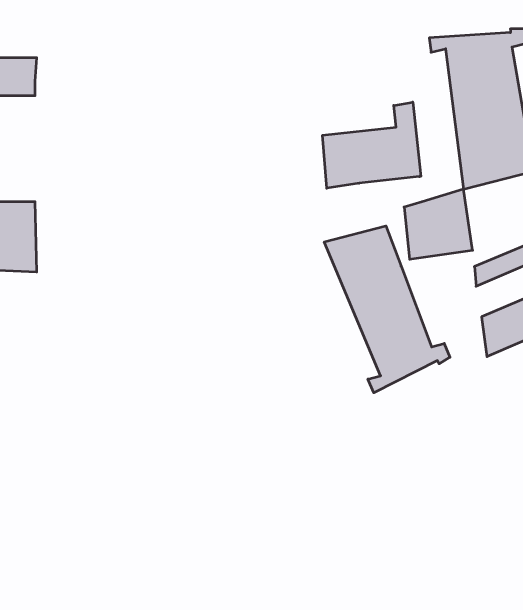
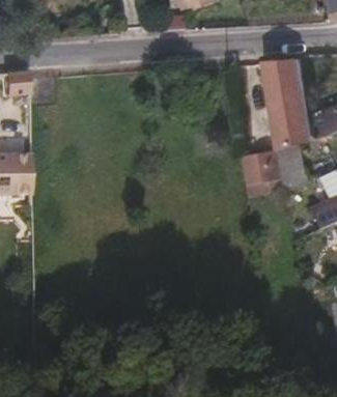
building: [323,102,421,188] -> none
building: [324,226,450,393] -> none

